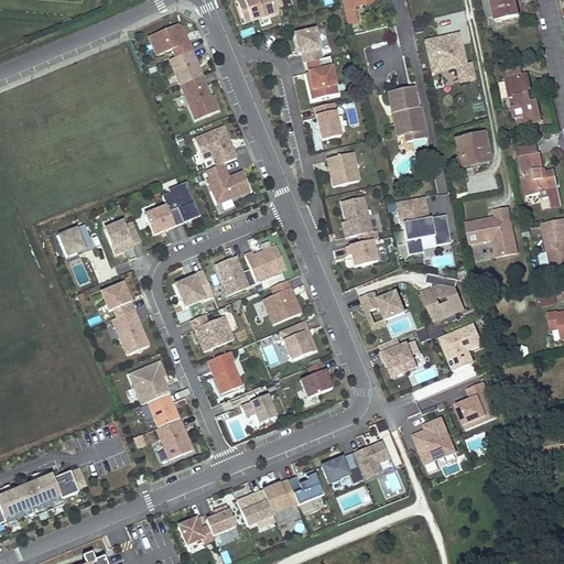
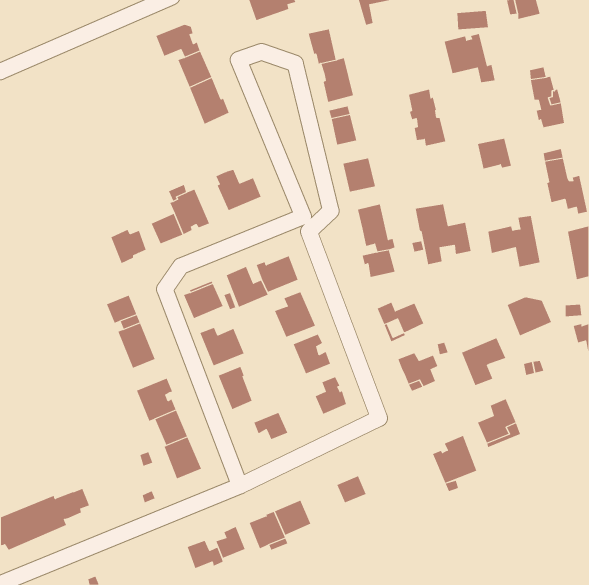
building: [195,124,237,164] -> none
building: [58,223,94,254] -> none
building: [422,283,465,321] -> [507,297,552,336]
building: [354,440,389,477] -> none
building: [288,468,324,503] -> none

